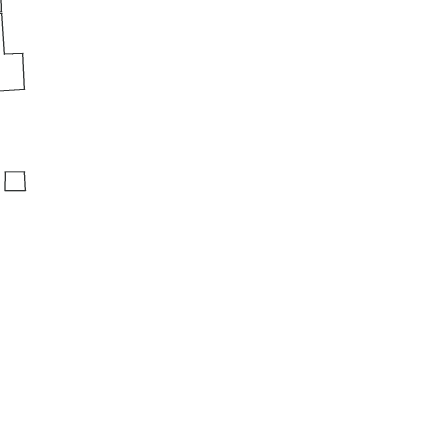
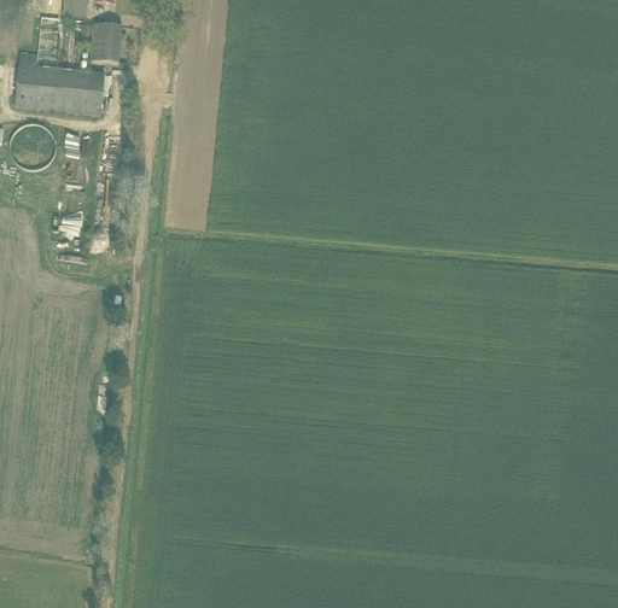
building: none -> [88,23,122,63]

